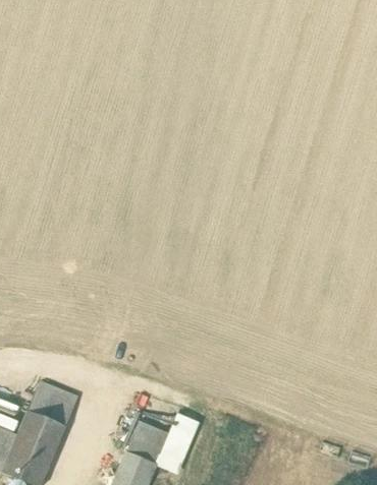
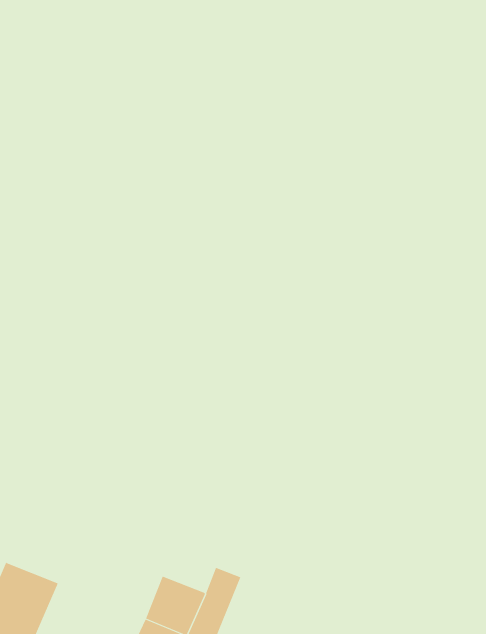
building: [29,384,76,428] -> none

